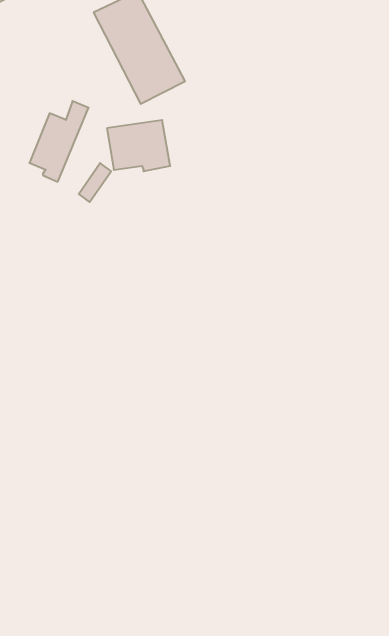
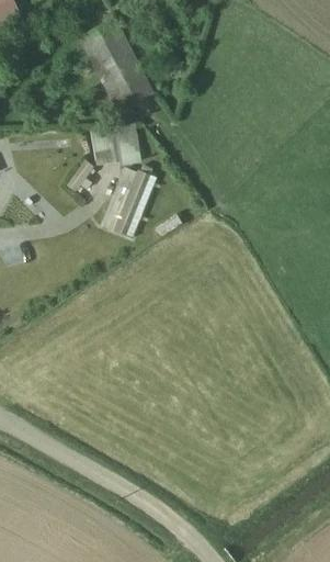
building: [29,101,89,182] -> [102,169,150,235]

